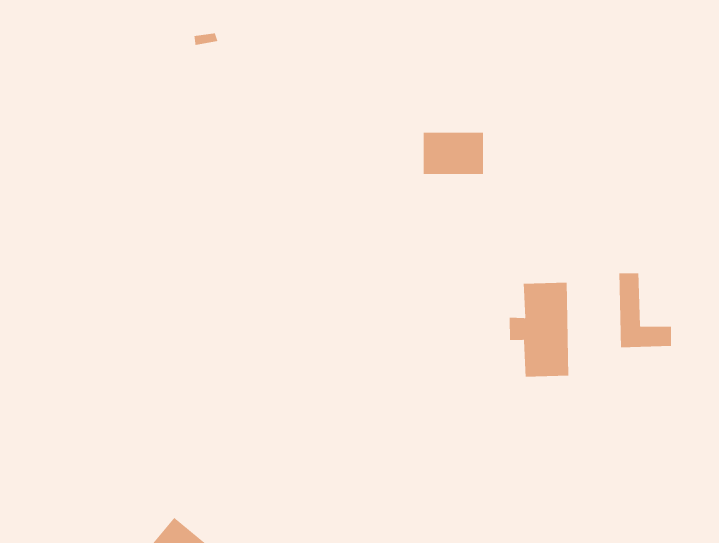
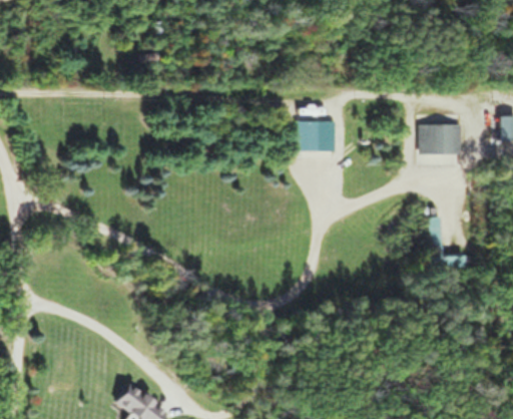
building: none -> [419,124,462,153]
building: [509,282,569,377] -> none

